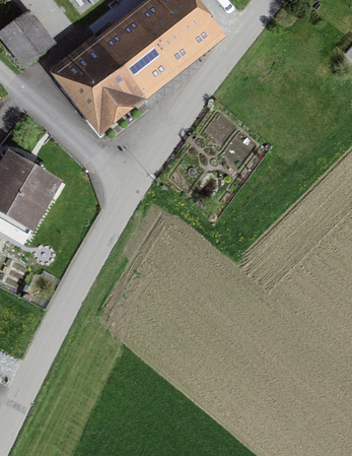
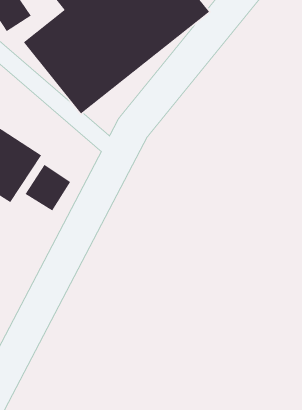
building: none -> [24,164,71,211]

